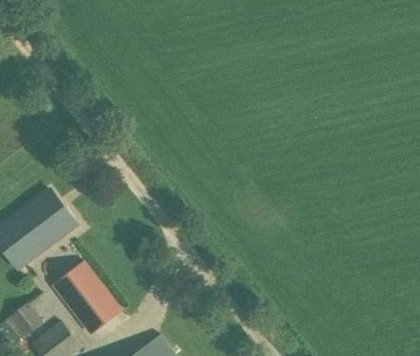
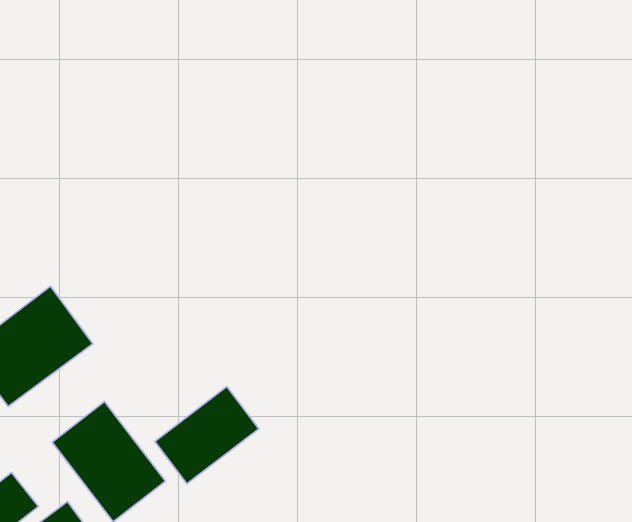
building: none -> [155,386,259,484]

